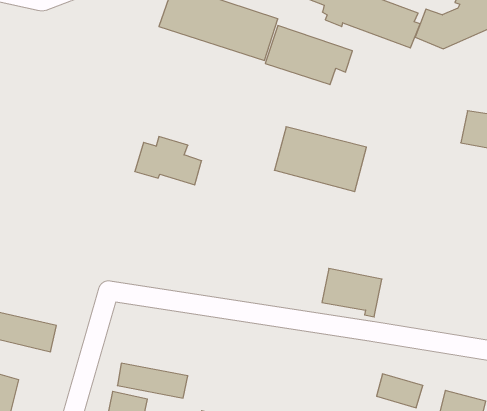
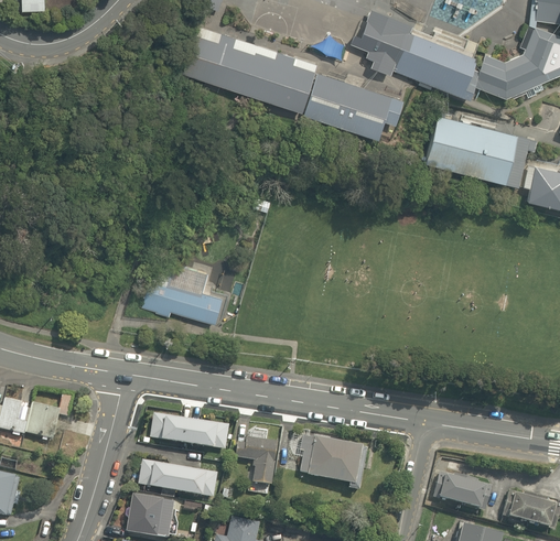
building: [274,127,366,192] -> [424,120,529,194]
building: [135,137,202,185] -> [144,270,220,325]
building: [322,268,382,317] -> [298,432,366,487]
building: none -> [143,410,227,447]
building: none -> [235,436,278,485]

